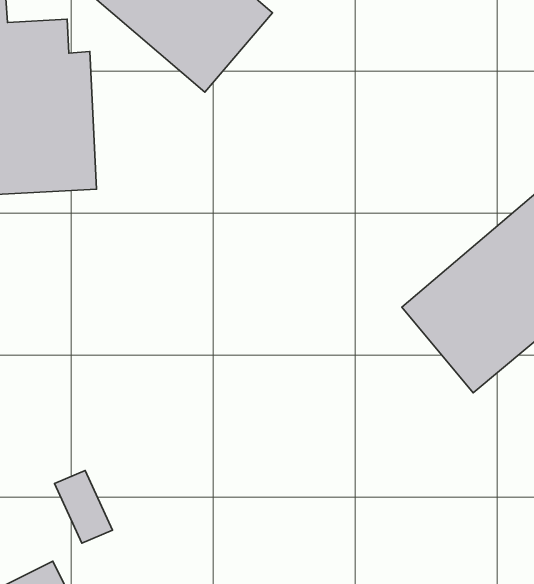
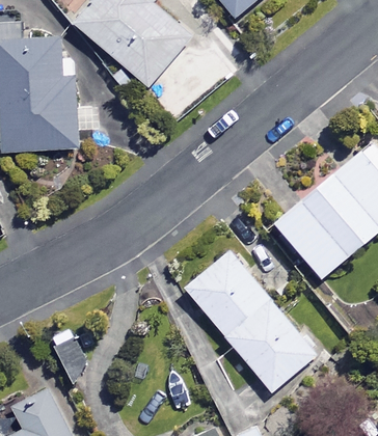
building: none -> [185,251,316,392]

